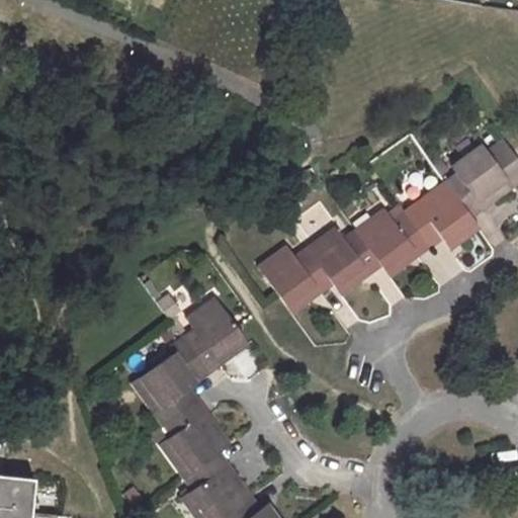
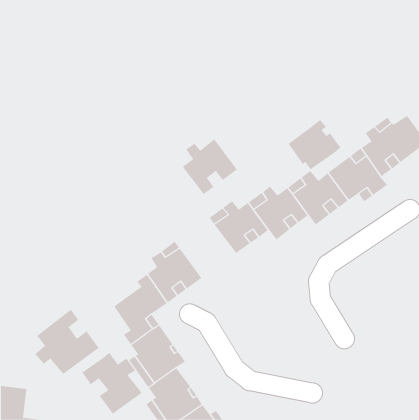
building: none -> [288,119,341,170]
building: none -> [182,139,238,195]
building: none -> [34,309,99,375]
building: none -> [82,352,143,415]

